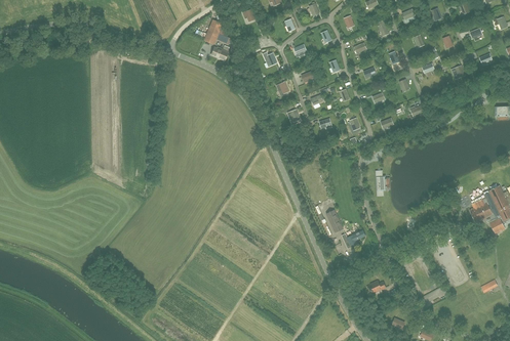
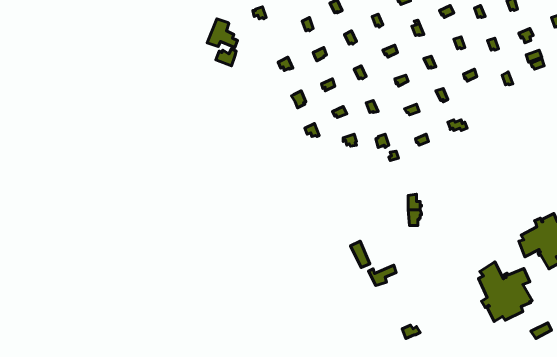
building: none -> [478,262,532,322]

